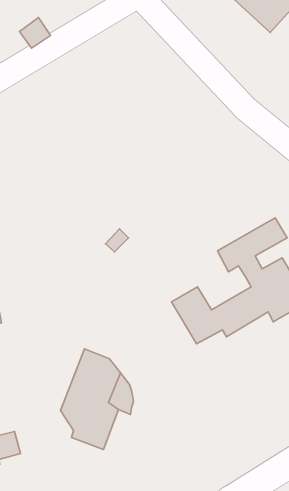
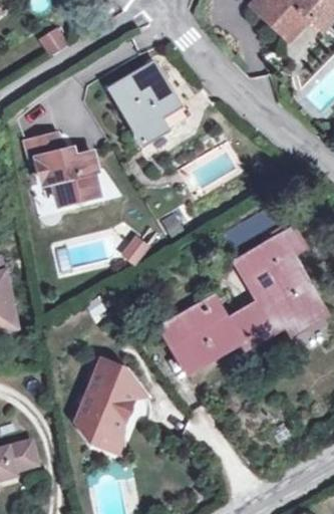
building: none -> [110,62,187,144]
building: none -> [28,131,94,199]
building: none -> [159,311,213,370]

